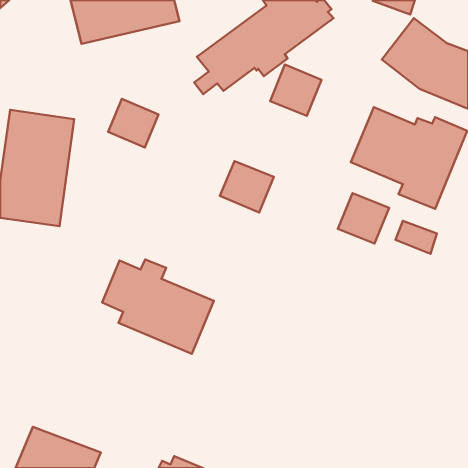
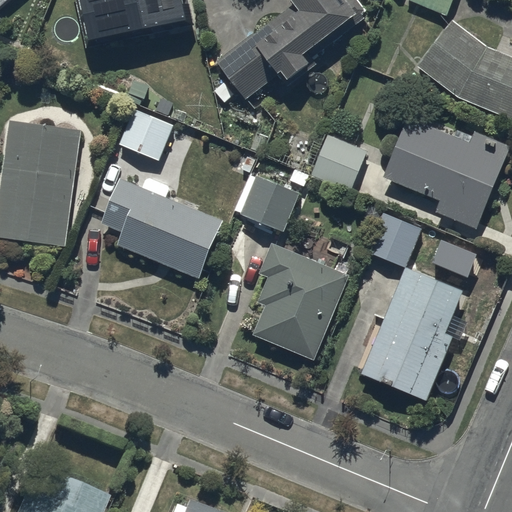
building: [270,64,321,116] -> [311,134,367,190]
building: none -> [253,244,349,361]
building: none -> [362,267,464,400]
building: [102,260,214,354] -> [100,176,222,279]

